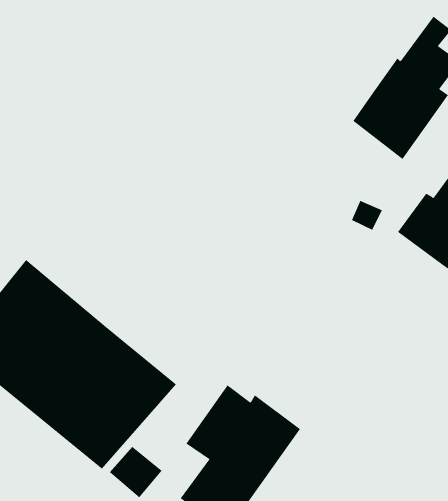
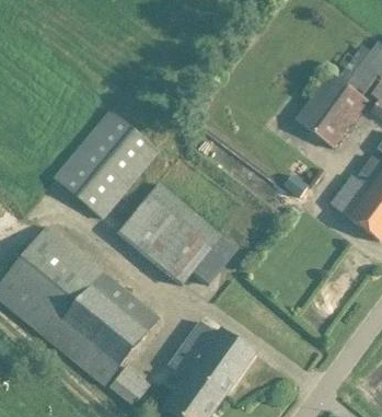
building: none -> [53,107,160,218]
building: none -> [117,182,238,286]

